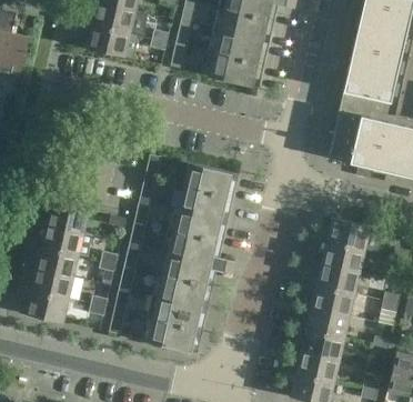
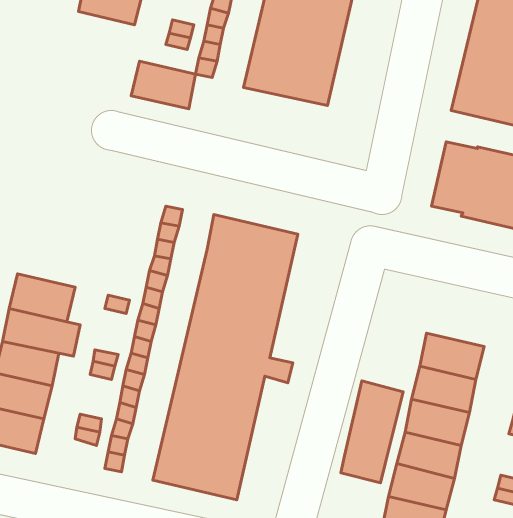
building: [87,24,130,57] -> [131,61,196,109]
building: [326,218,371,250] -> none
building: none -> [341,381,403,483]

